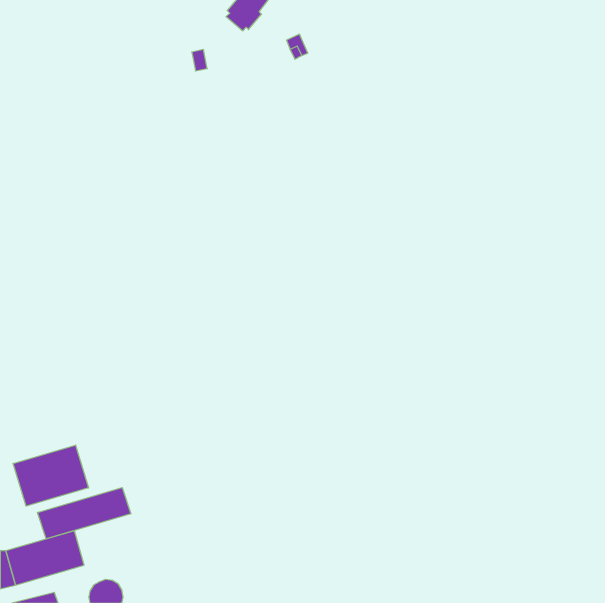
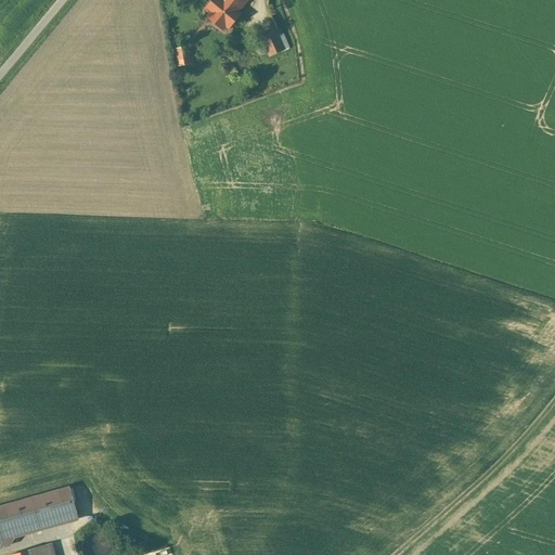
building: [13,445,89,506] -> none
building: [38,488,131,539] -> none

